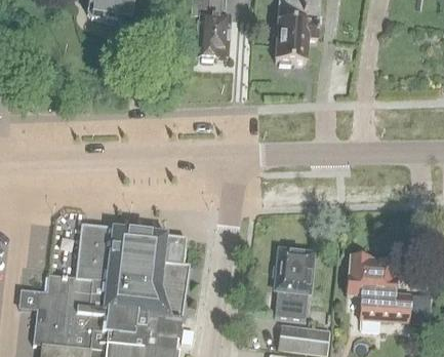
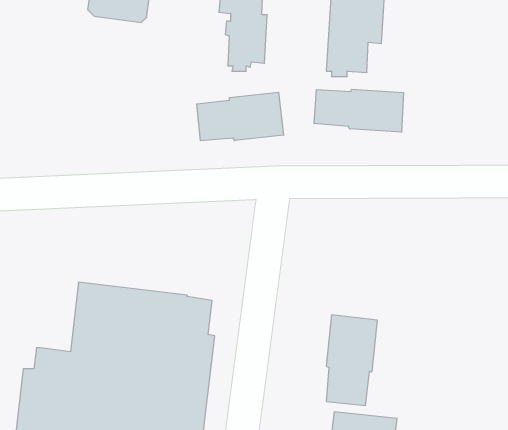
building: none -> [314,89,404,132]
building: none -> [197,92,283,141]
building: [346,250,409,320] -> none

